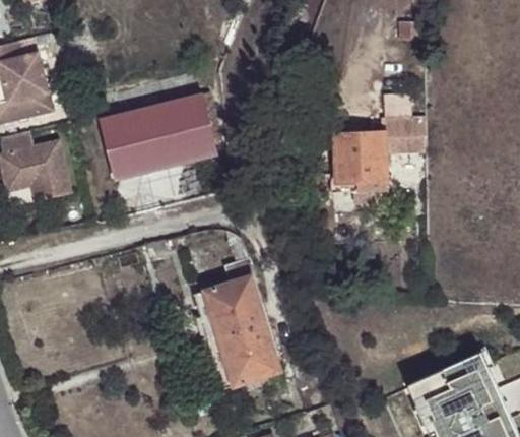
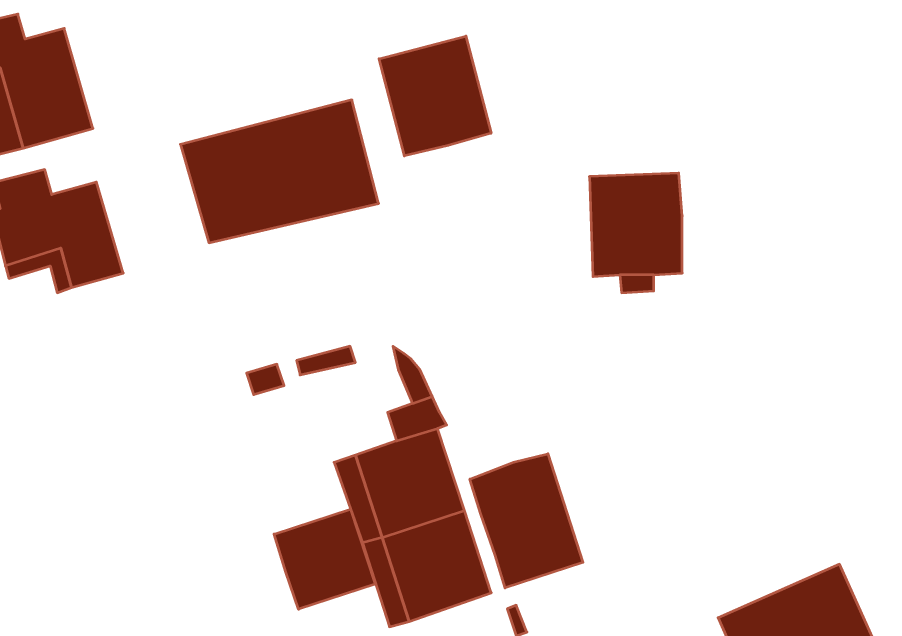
building: none -> [379,36,491,156]
building: [388,121,426,158] -> none
building: none -> [470,454,583,588]
building: none -> [274,509,375,609]

